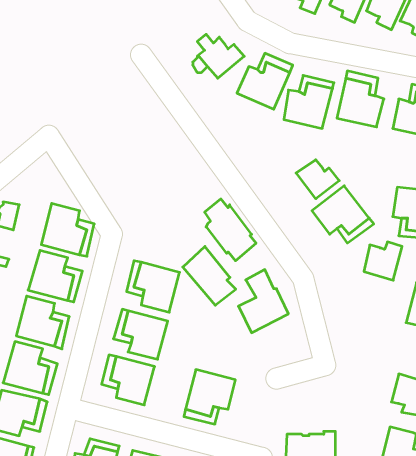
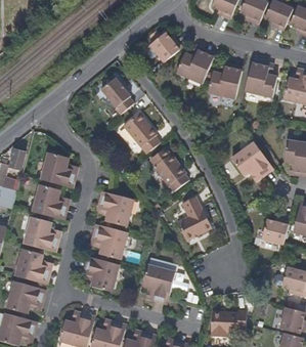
building: none -> [99,77,132,114]
building: [296,160,339,199] -> none
building: [364,242,402,280] -> [262,218,289,245]
building: [183,246,236,305] -> [123,112,160,153]

